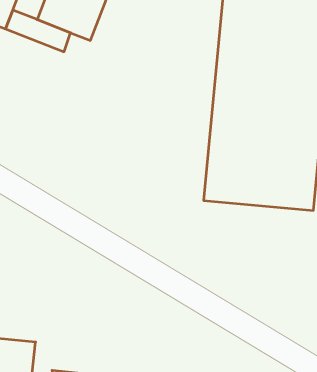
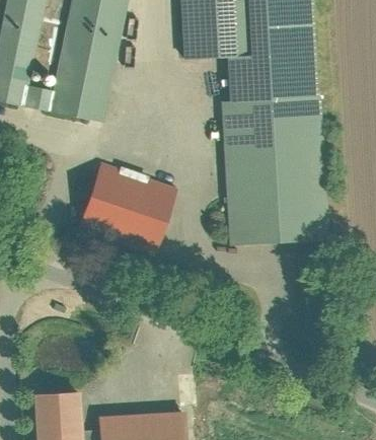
building: none -> [75,157,176,253]

